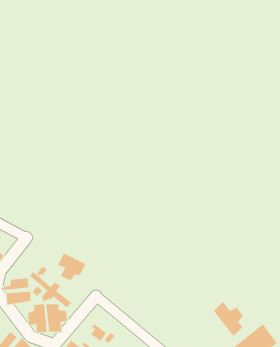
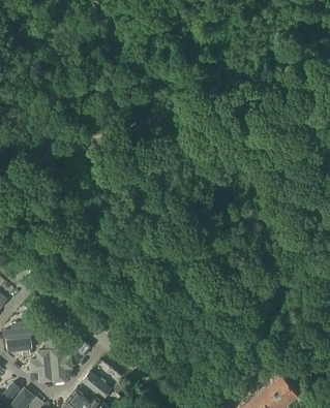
building: [57,252,86,281] -> none
building: [213,301,244,337] -> none

